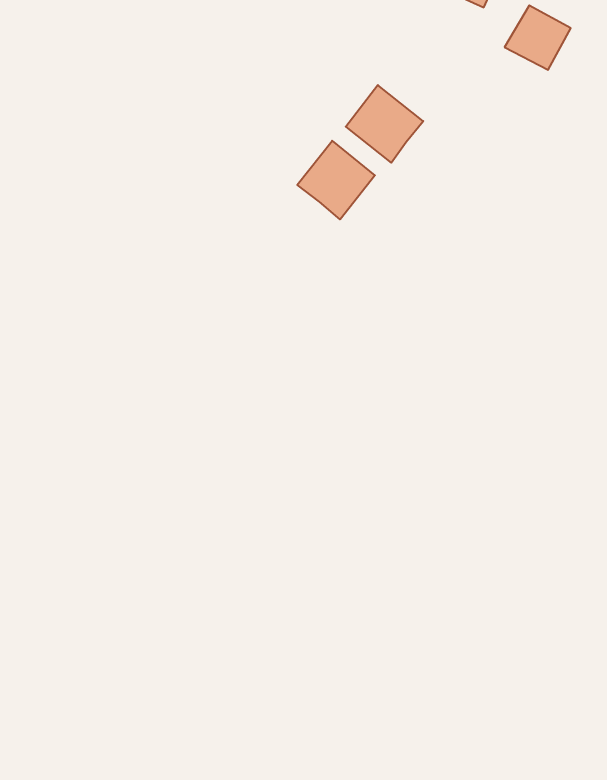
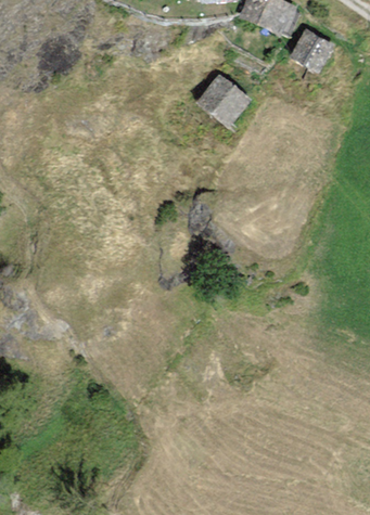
building: [297,141,375,219] -> none

